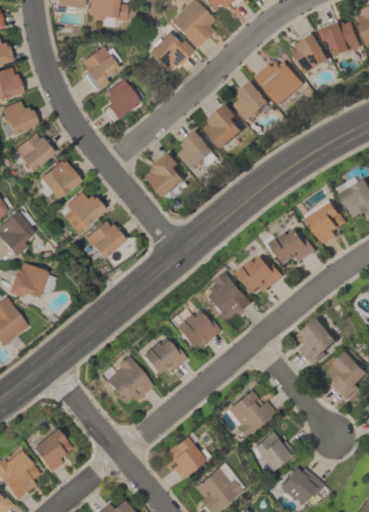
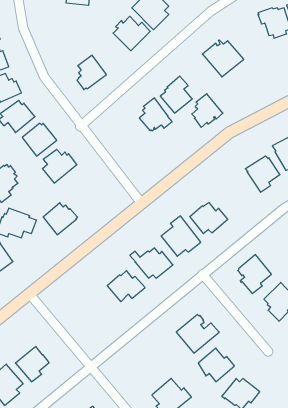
building: [291,31,329,73] -> none
building: [80,45,117,89] -> none
building: [234,81,271,121] -> [192,94,223,127]
building: [146,152,184,196] -> none
building: [83,220,124,258] -> [43,203,78,235]
building: [266,228,316,264] -> none
building: [103,355,152,403] -> none
building: [165,435,203,479] -> none

